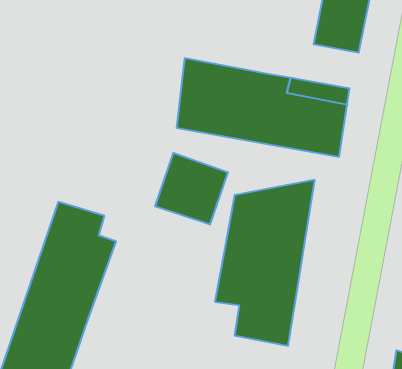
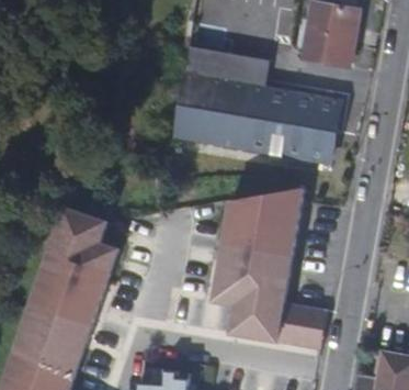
building: none -> [182,45,266,87]
building: [155,153,228,225] -> none
building: none -> [280,303,326,350]

